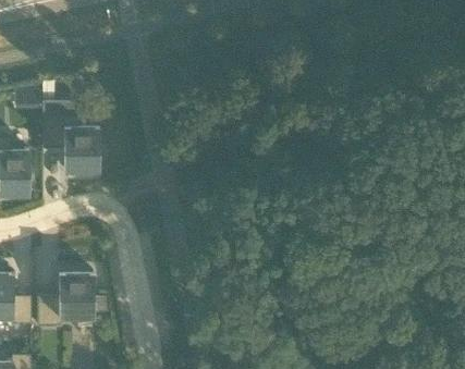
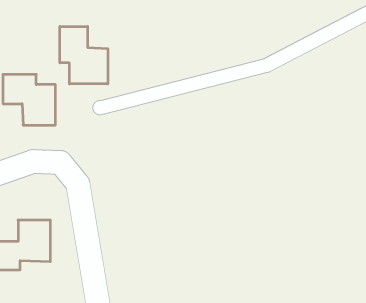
building: none -> [60,26,108,84]

